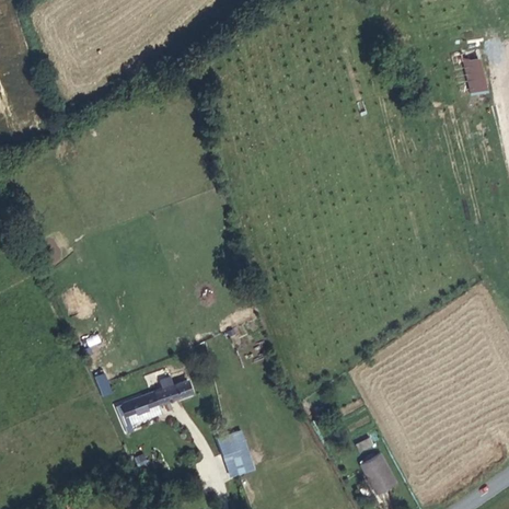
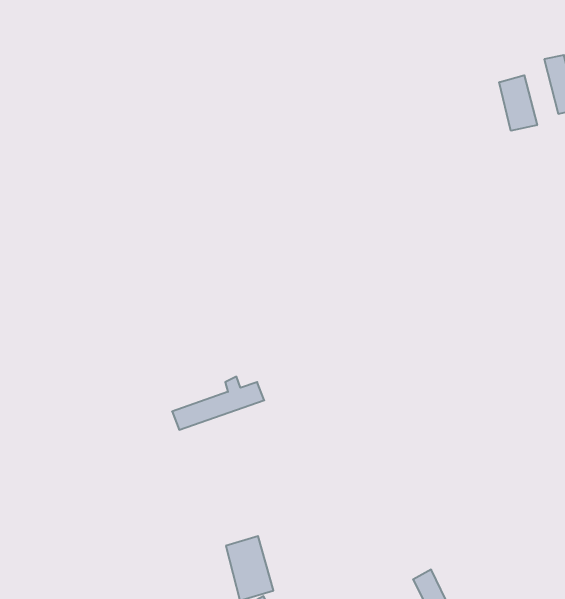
building: none -> [499,75,537,131]
building: [122,375,194,417] -> [172,377,264,430]

